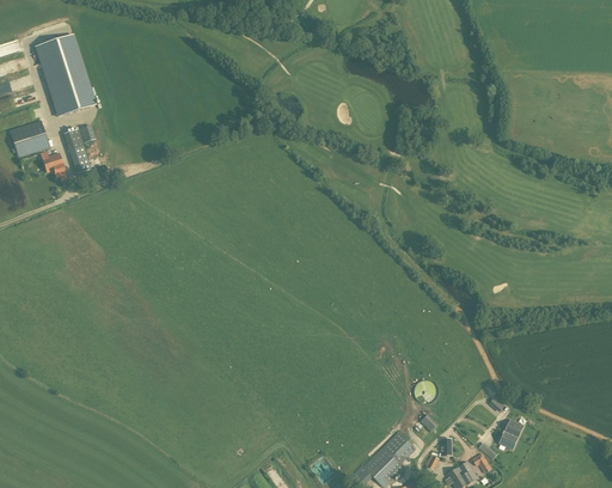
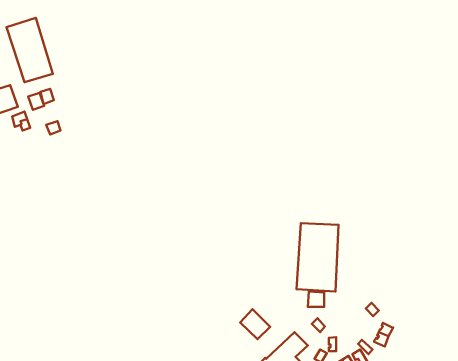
building: none -> [297,223,339,292]
building: none -> [240,309,270,339]

